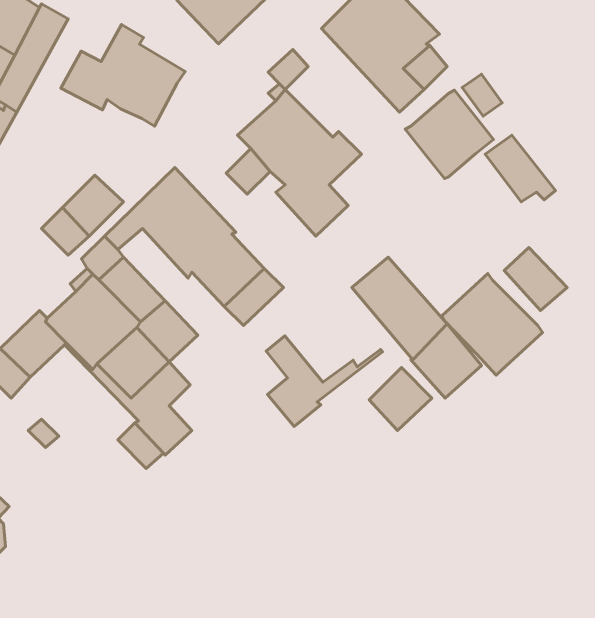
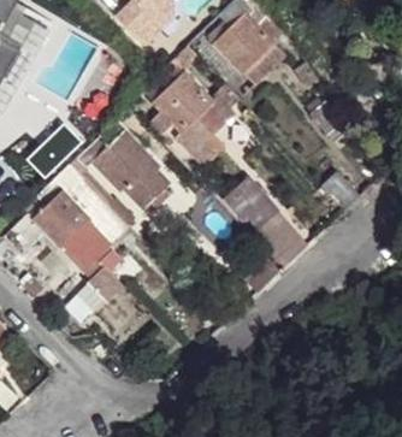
building: [61,24,185,126] -> none
building: [405,90,494,179] -> none
building: [442,273,542,375] -> none
building: [266,336,382,427] -> none

